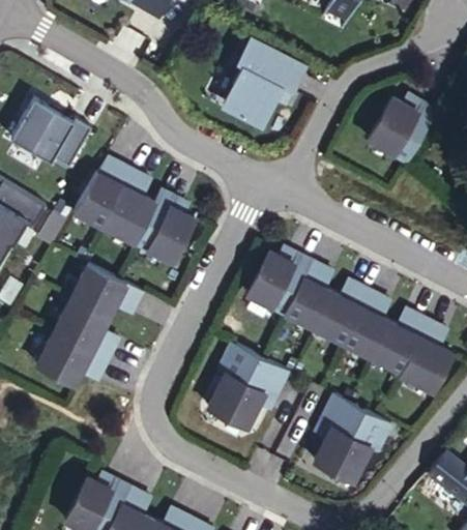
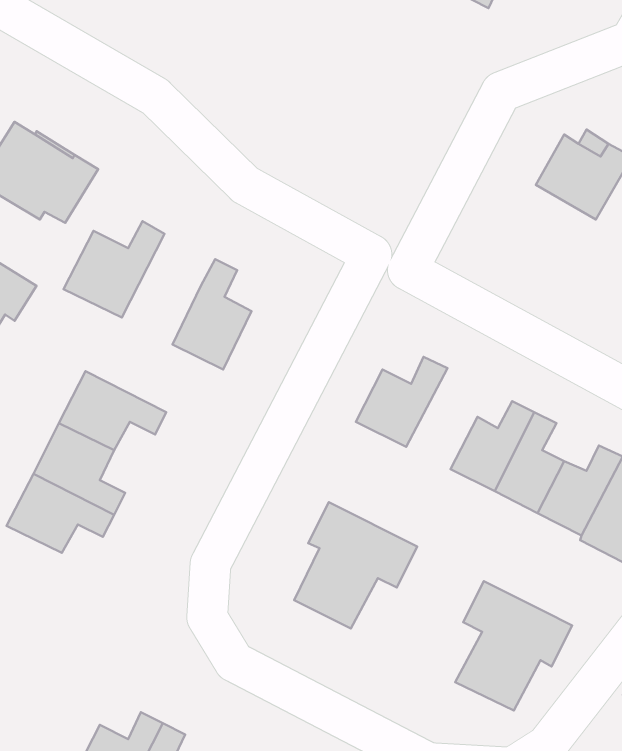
building: [216,39,299,125] -> none
building: [101,172,153,244] -> none
building: [288,260,334,326] -> none

